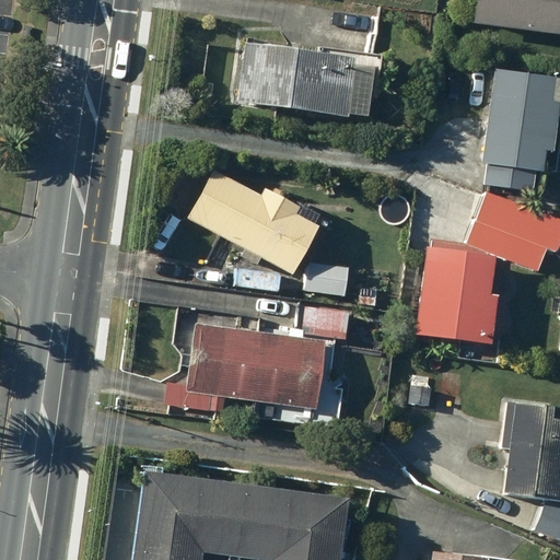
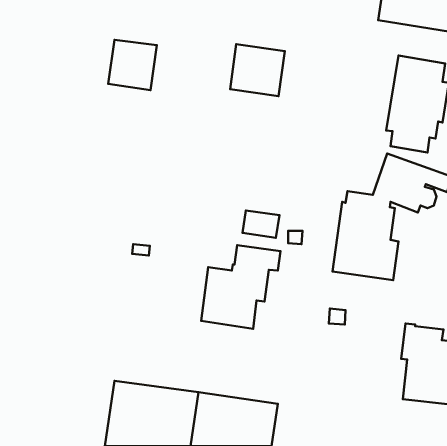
building: [237,48,298,110] -> [108,40,157,90]
building: [189,171,322,276] -> none
building: [170,322,262,410] -> none

